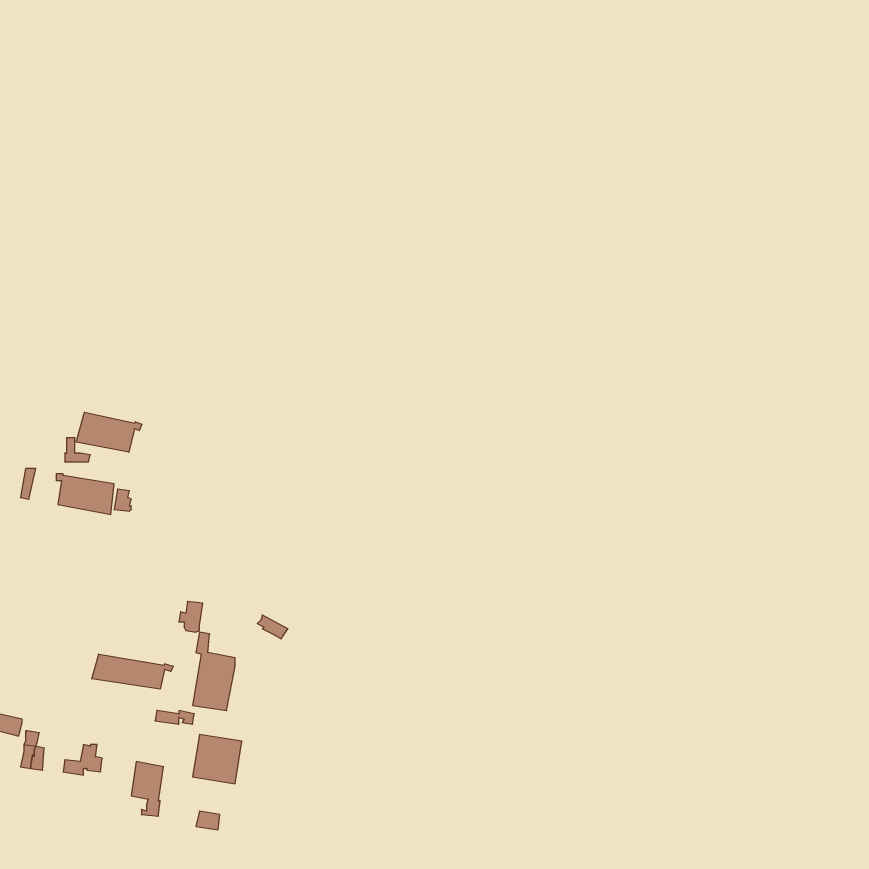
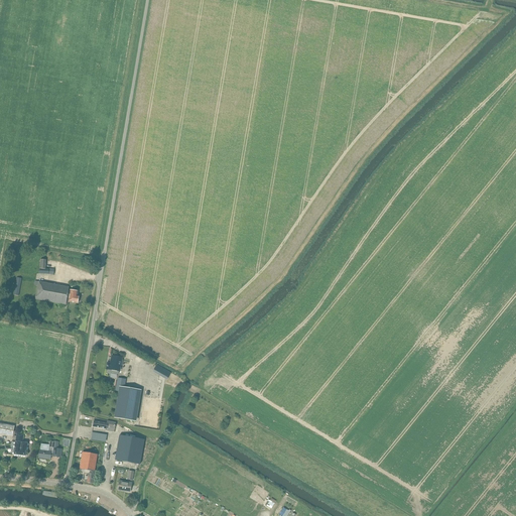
building: [76,412,142,452] -> none
building: [92,654,173,689] -> none

